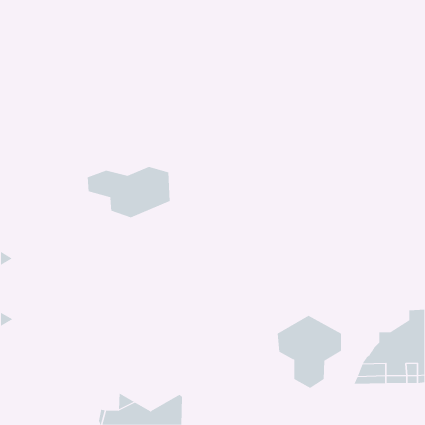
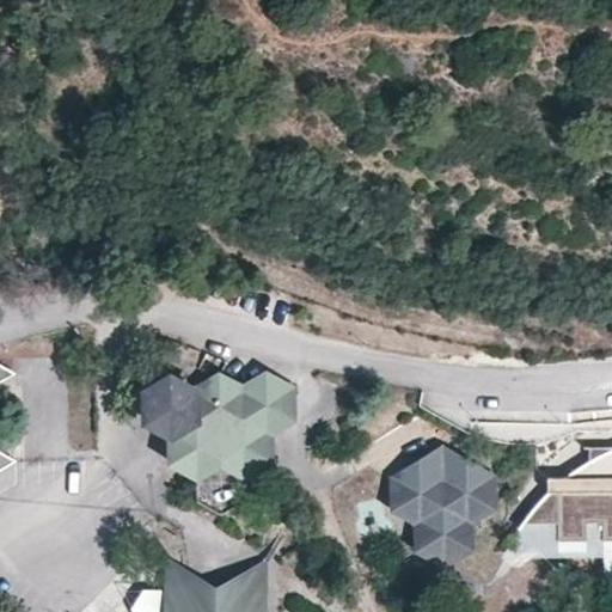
building: [87,166,170,218] -> none
building: none -> [149,375,292,471]

